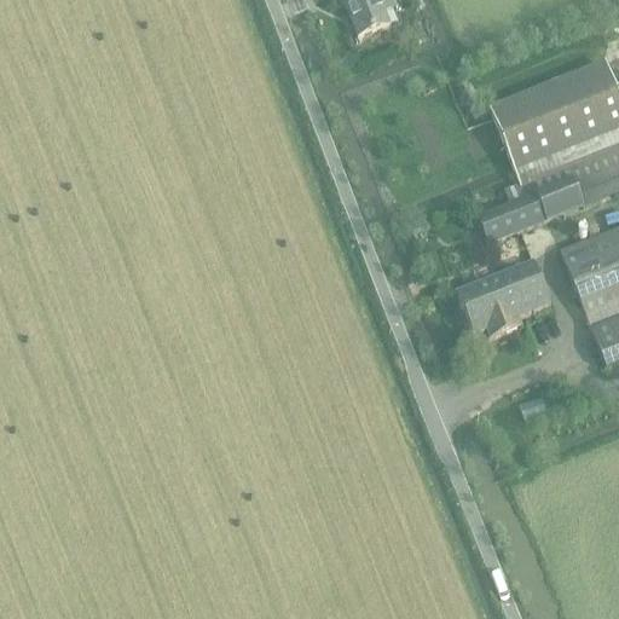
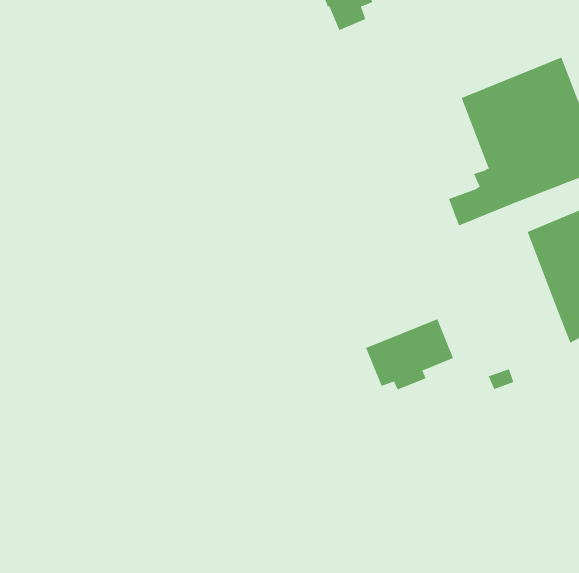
building: [458,258,553,334] -> [365,318,454,390]

